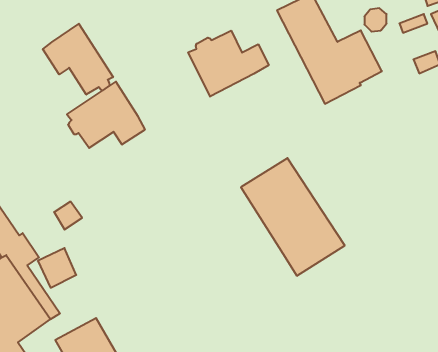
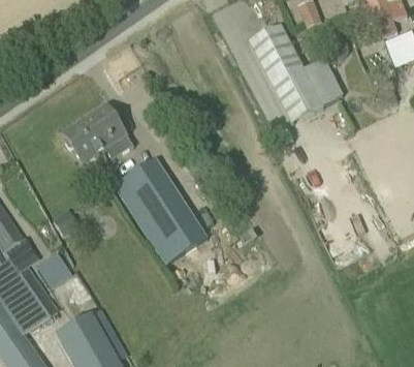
building: [43,24,113,95] -> none
building: [188,31,269,97] -> none
building: [241,158,345,276] -> [116,159,208,264]

